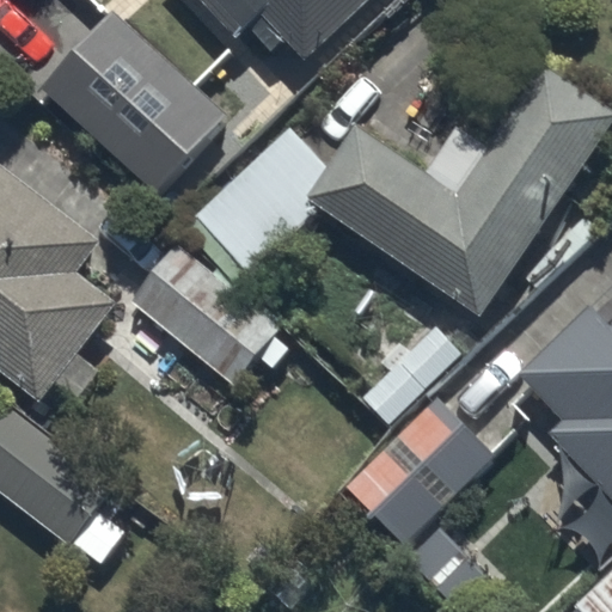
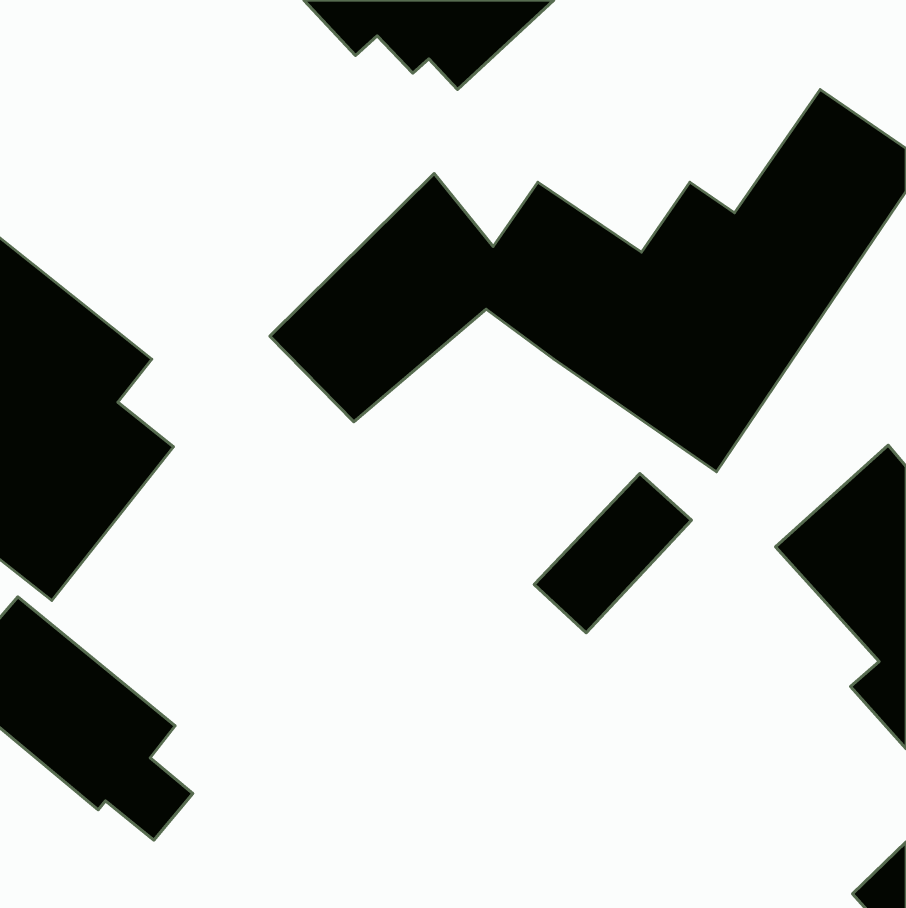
building: [44,12,227,192] -> none
building: [126,244,281,390] -> none
building: [351,400,490,538] -> none

